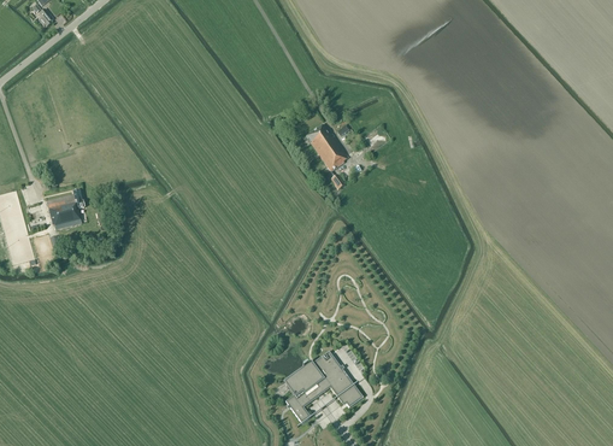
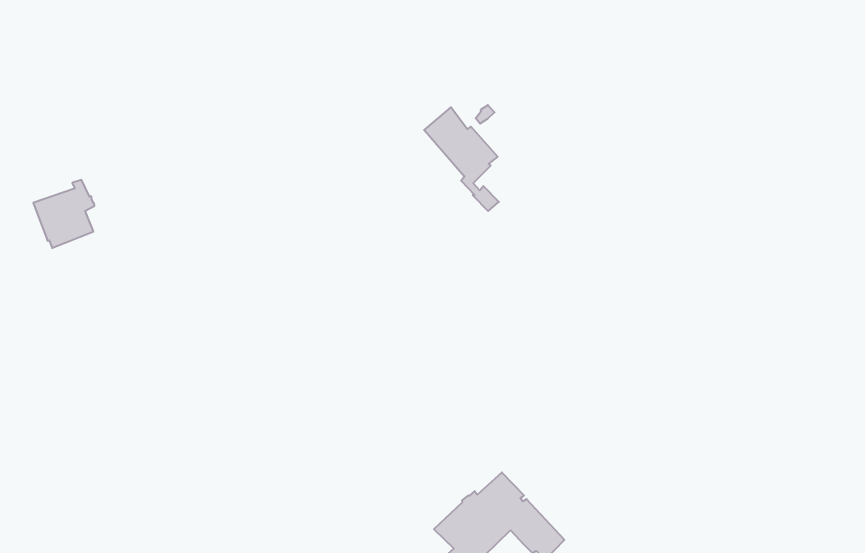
building: [47,189,84,229] -> [33,180,94,248]

